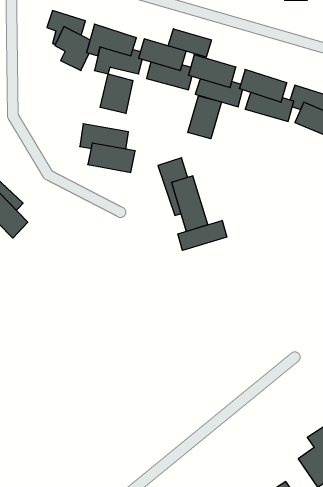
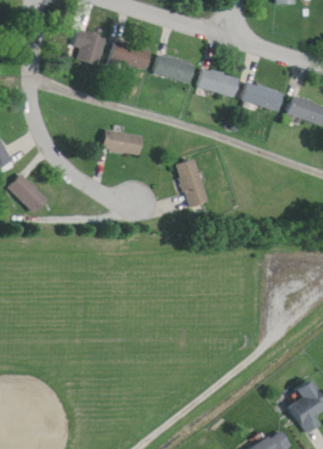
building: [168,29,211,57] -> none
building: [100,74,133,114] -> none
building: [188,96,221,139] -> none
building: [178,220,227,250] -> none

